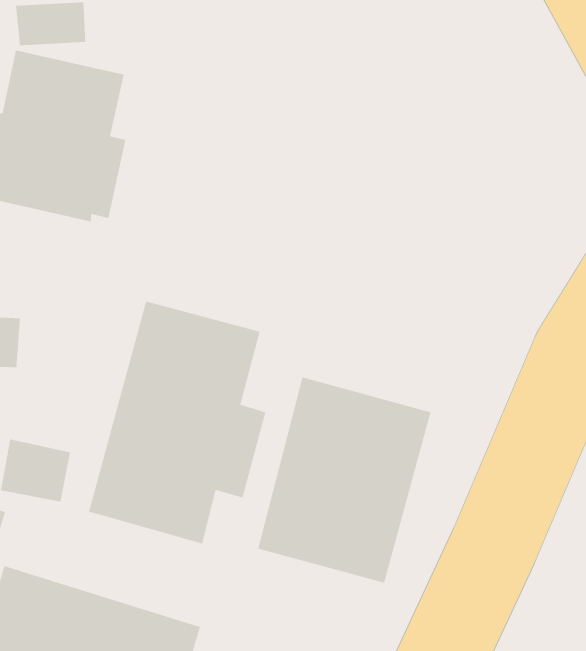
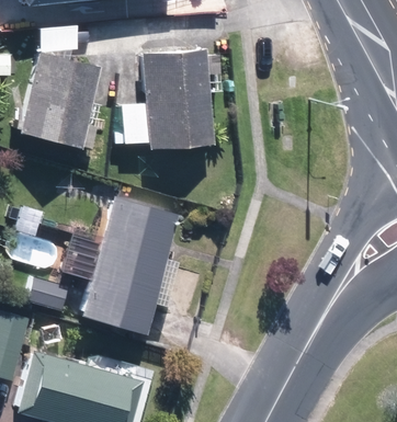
building: none -> [120,47,223,148]
building: [257,377,431,583] -> none

